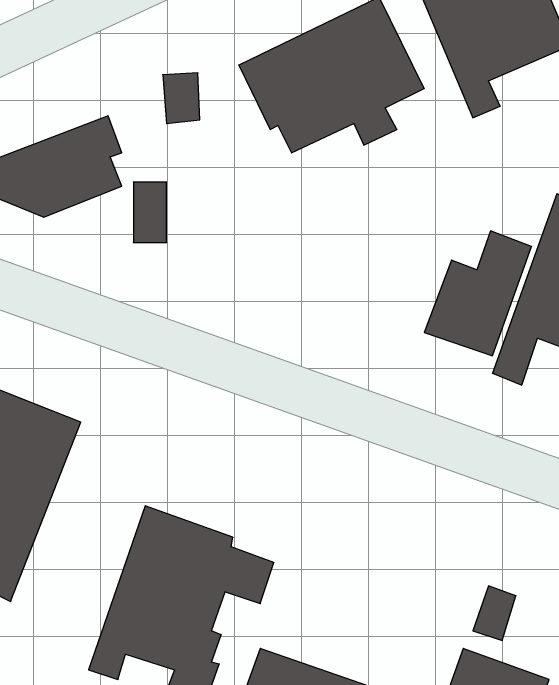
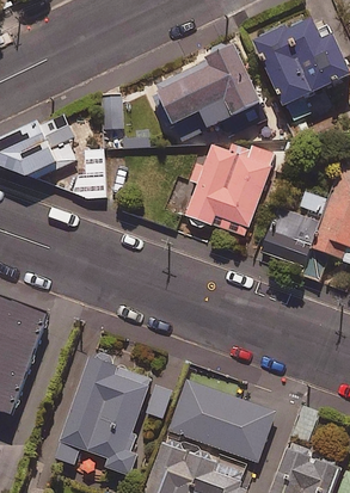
building: none -> [184,144,272,235]
building: none -> [167,380,274,461]

